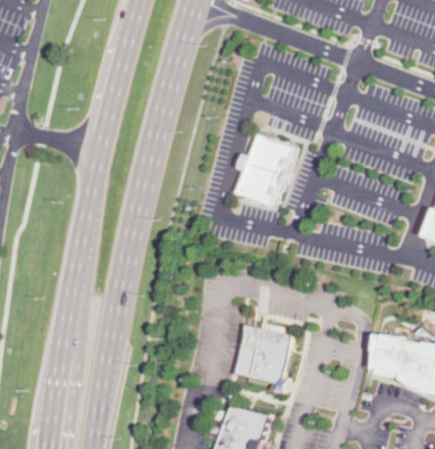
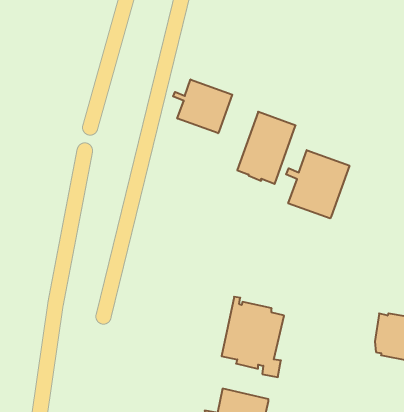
building: none -> [173,79,232,133]
building: none -> [286,150,349,218]

